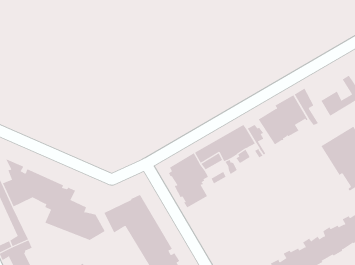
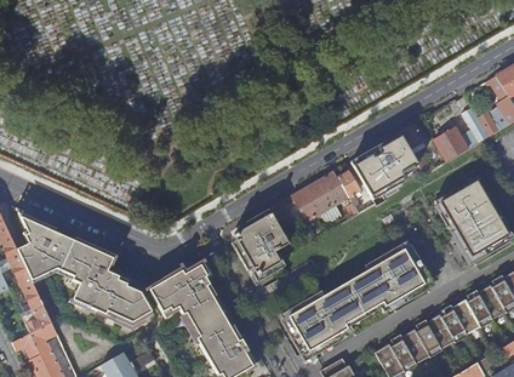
building: none -> [282,249,427,349]

